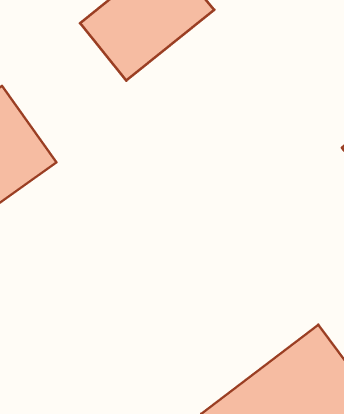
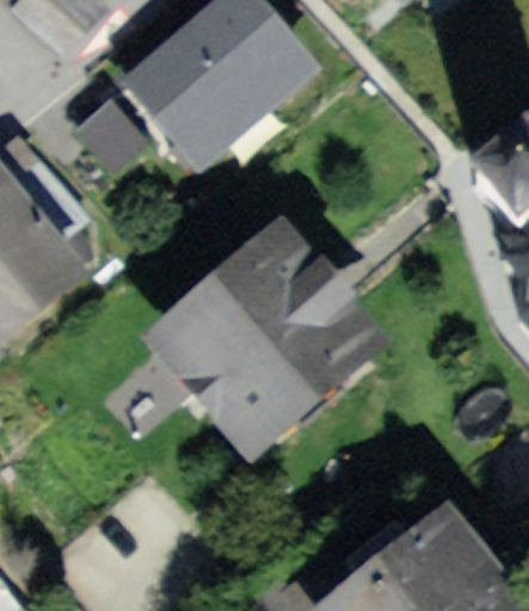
building: none -> [174,260,364,444]

